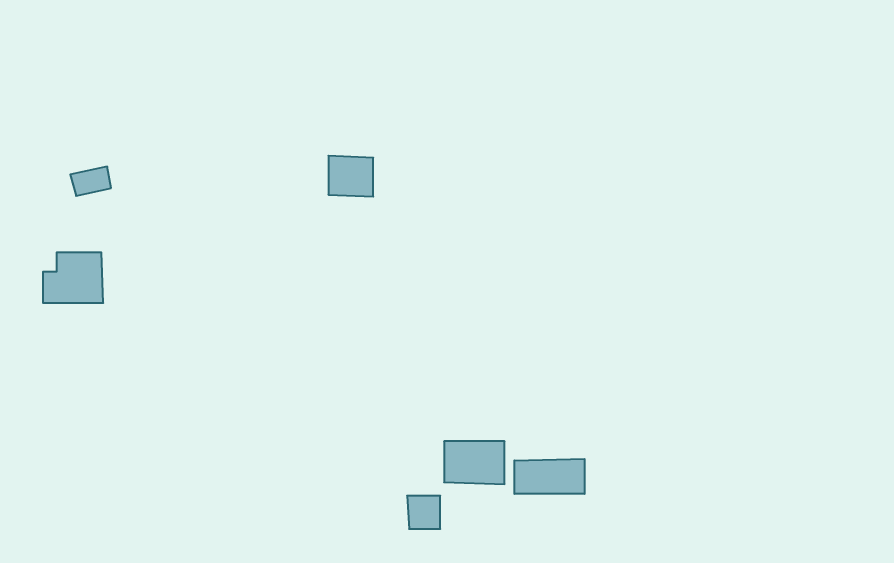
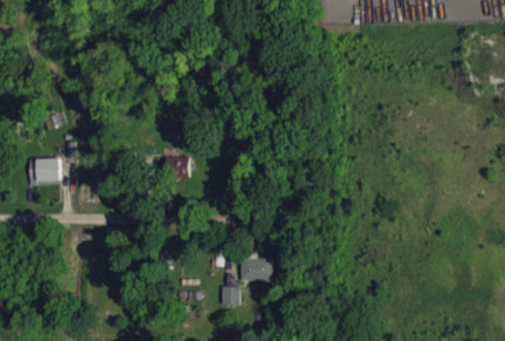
building: [328,156,373,197] -> [164,156,187,177]
building: [514,459,585,494] -> none

